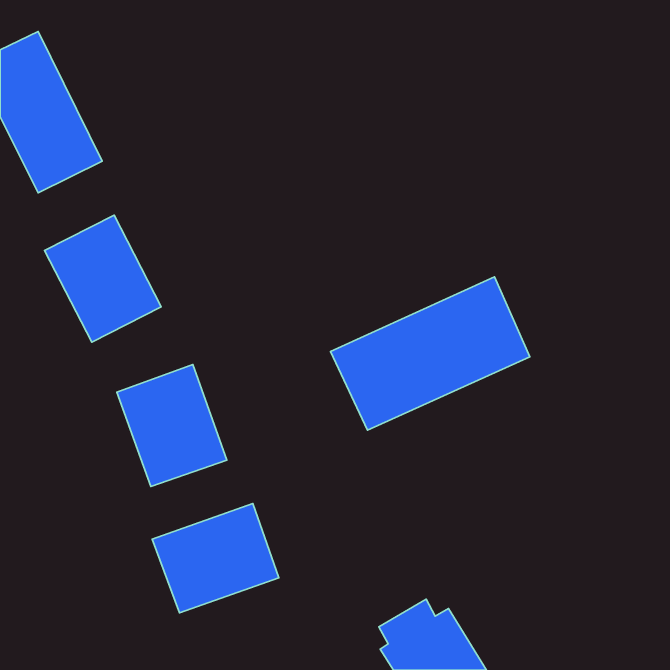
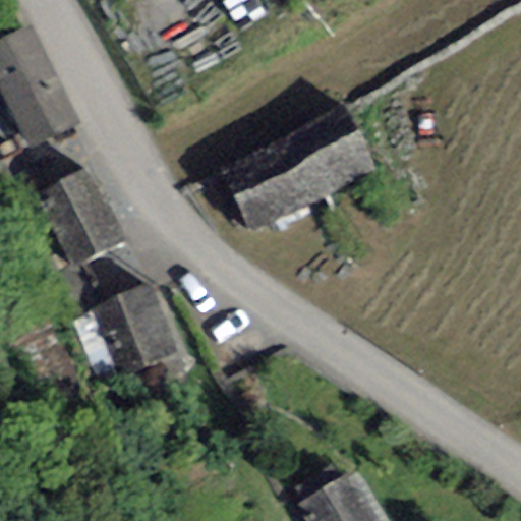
building: [331,277,530,430] -> [220,112,374,231]
building: [152,503,279,613] -> none

